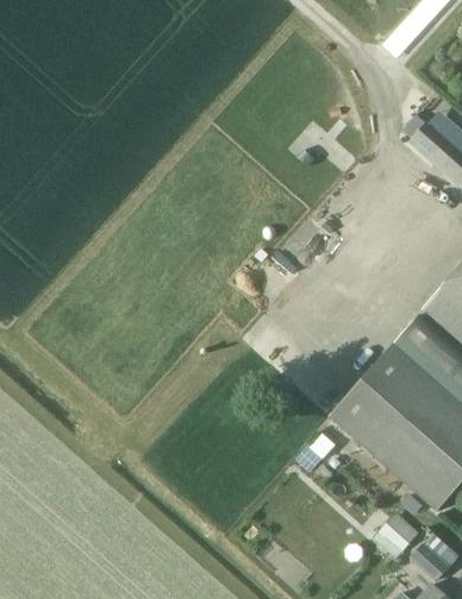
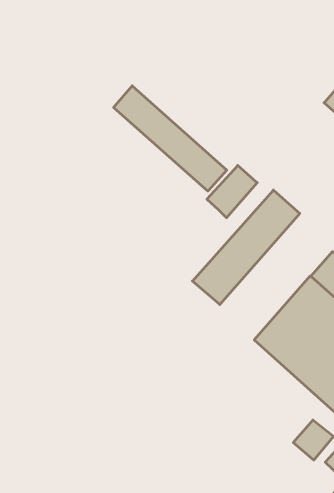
building: none -> [114,86,227,191]
building: none -> [192,190,300,305]

